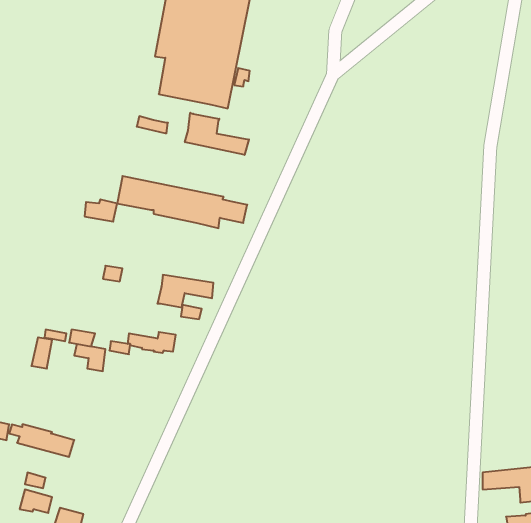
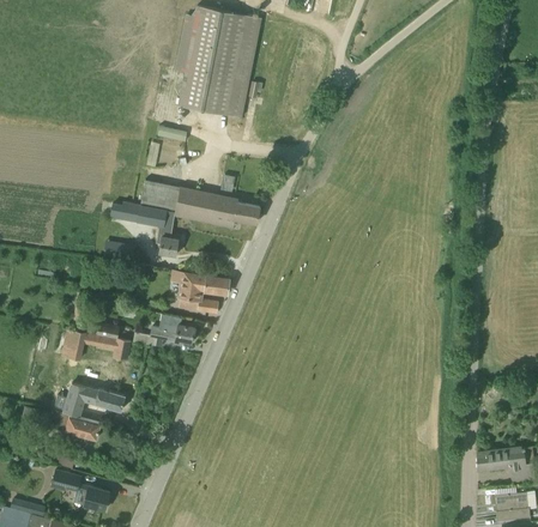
building: [185,113,249,155] -> none
building: none -> [137,206,179,256]
building: none -> [54,382,125,417]

